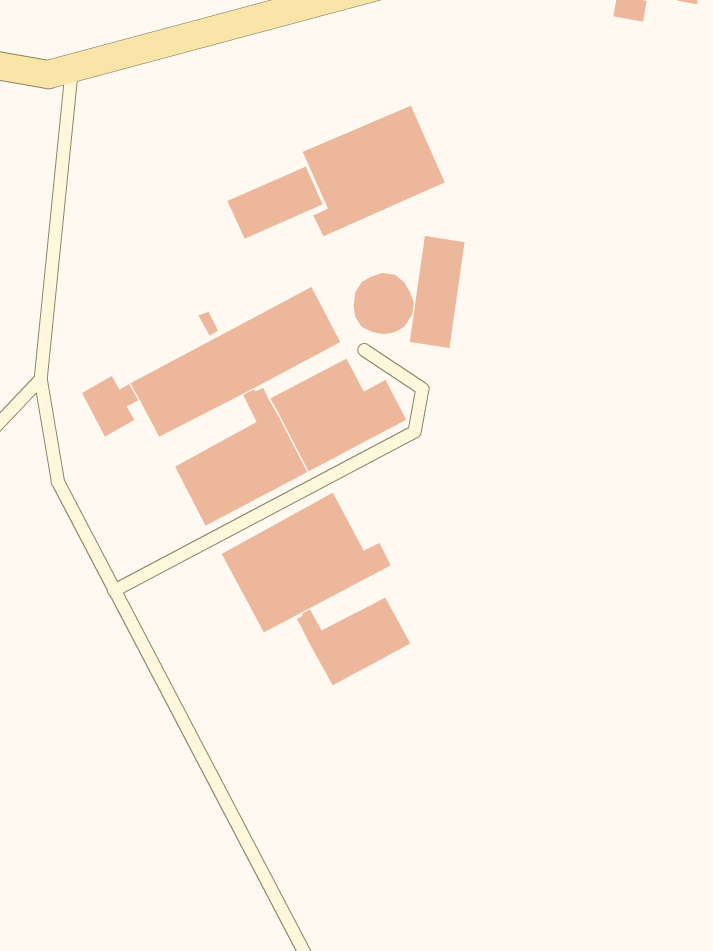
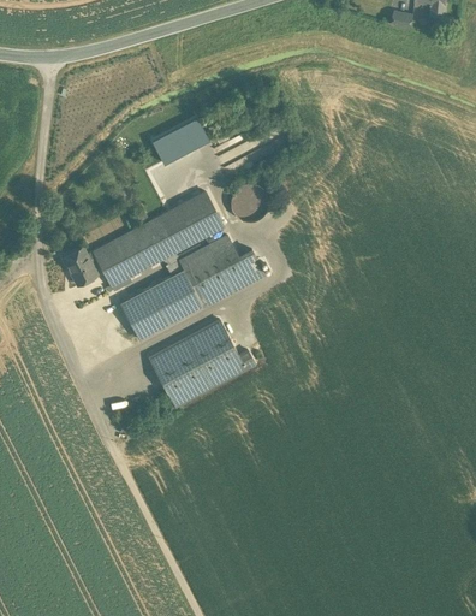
building: [302,105,445,237] -> none
building: [409,235,465,349] -> none
building: [296,597,411,686] -> none

